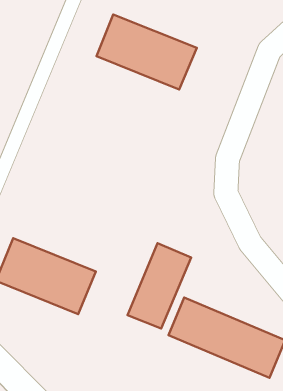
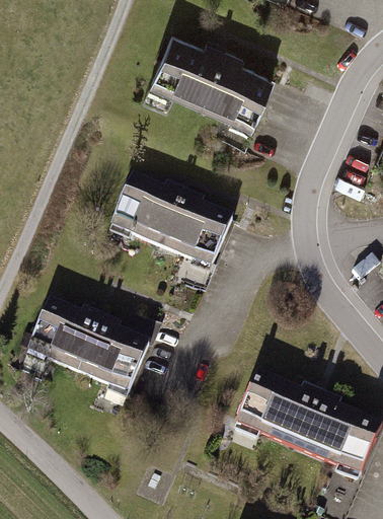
building: none -> [114,176,236,268]
building: [127,243,191,329] -> none

